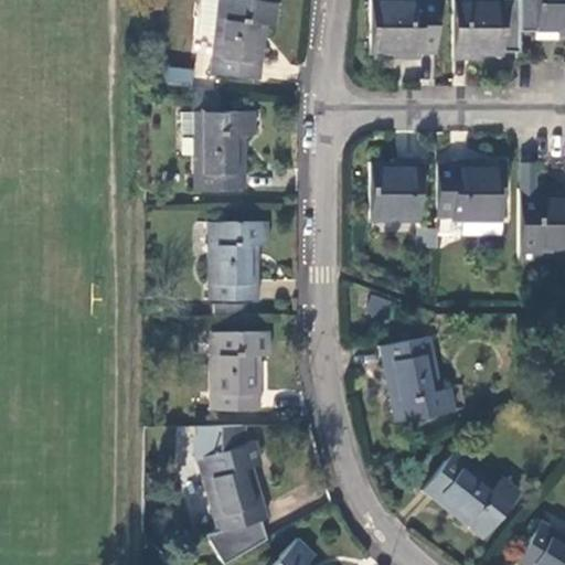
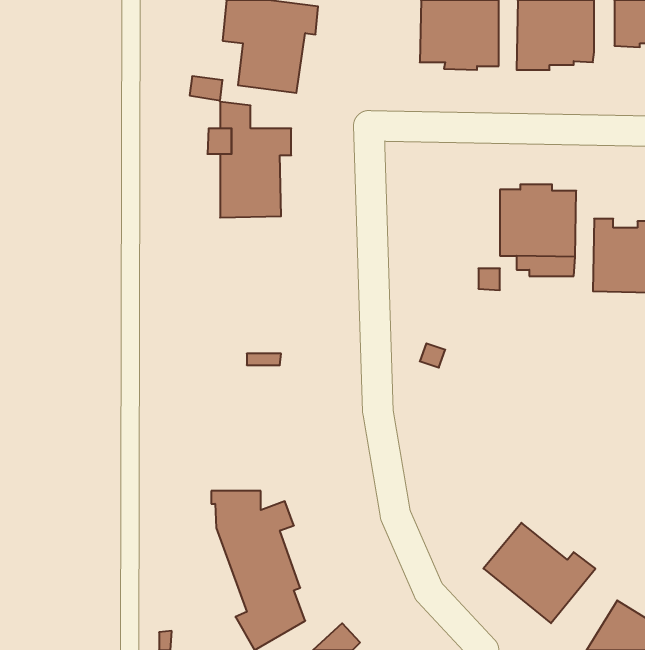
building: [371,159,423,222] -> none
building: [210,222,273,300] -> none
building: [209,328,274,409] -> none
building: [379,338,455,424] -> none

